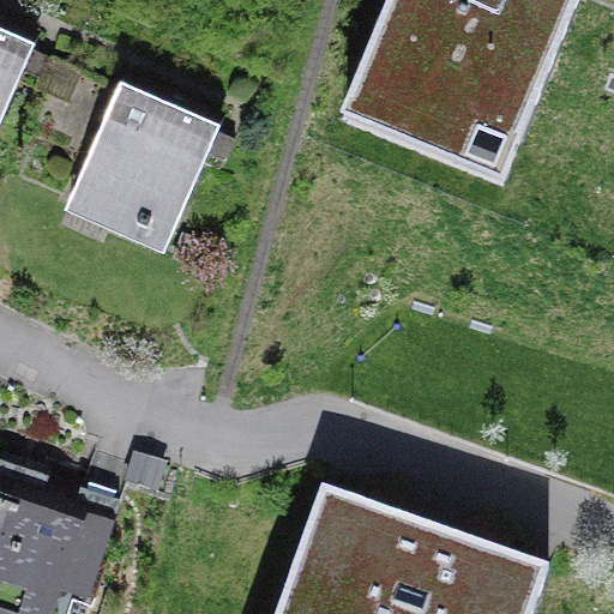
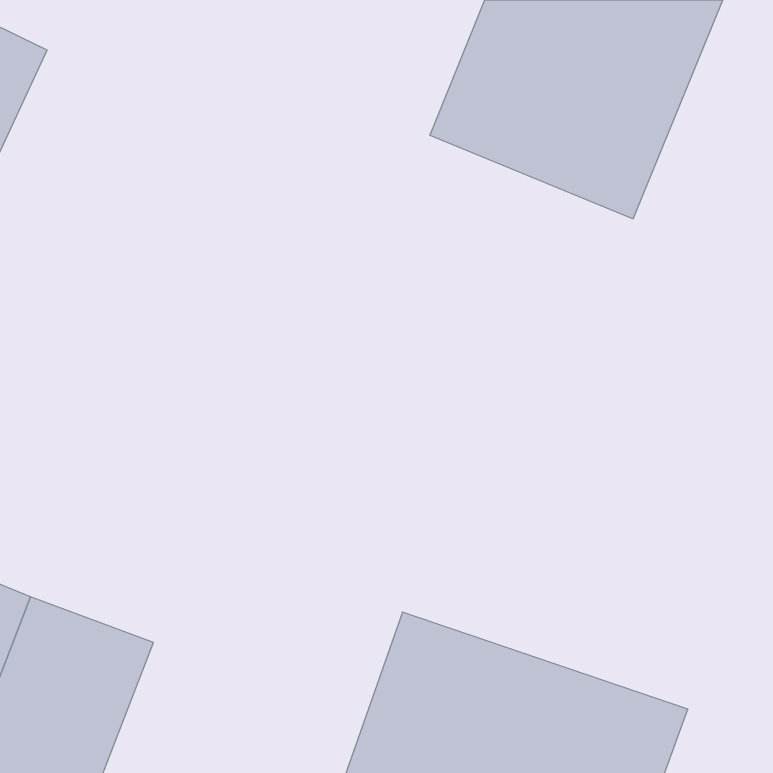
building: [65,77,227,248] -> none

